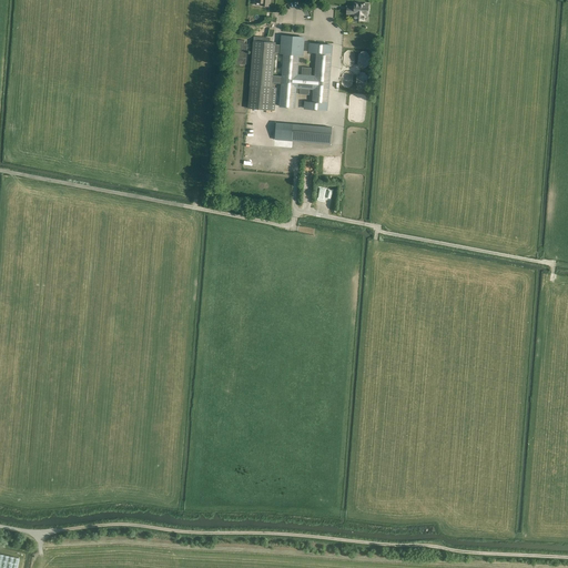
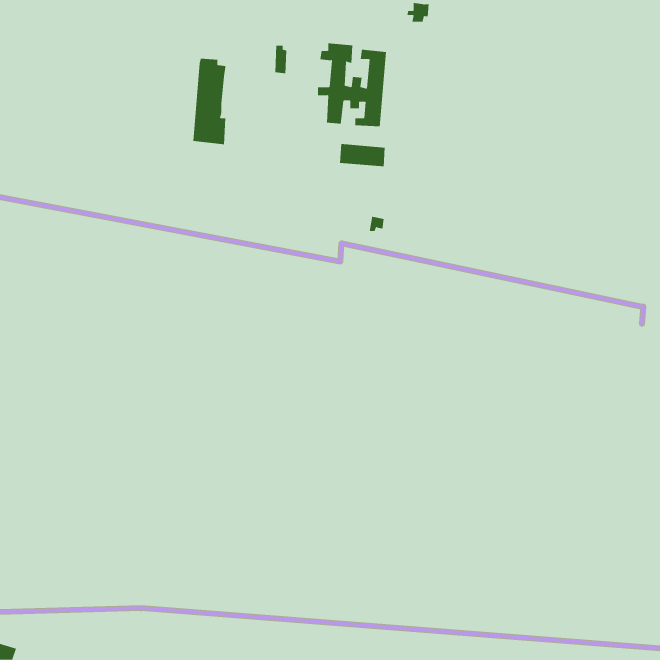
building: [246,36,275,110] -> [192,58,226,145]

